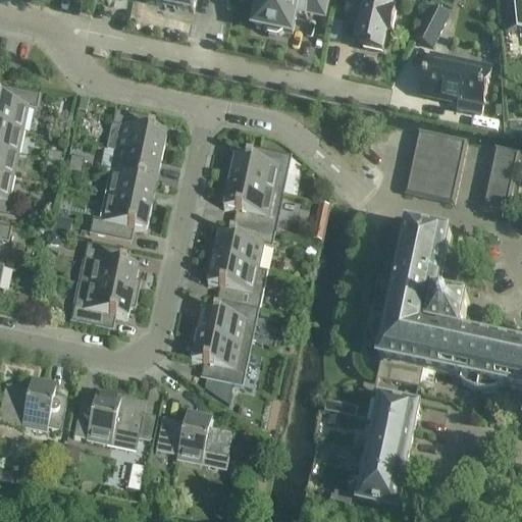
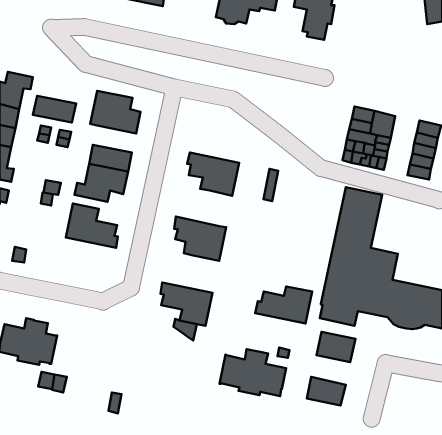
building: [415,4,447,43] -> none
building: [420,49,490,111] -> none
building: [223,146,291,192] -> none
building: [109,148,160,179] -> [33,96,76,123]
building: [207,224,273,266] -> none
building: [69,279,137,324] -> none
building: [191,301,258,345] -> [255,286,312,324]
building: [72,388,145,443] -> none
building: [154,408,232,463] -> [220,349,286,396]
building: [366,418,412,453] -> none
building: [355,469,401,505] -> none

